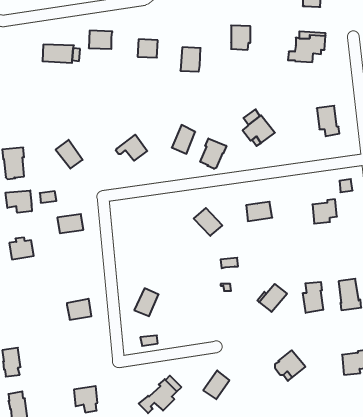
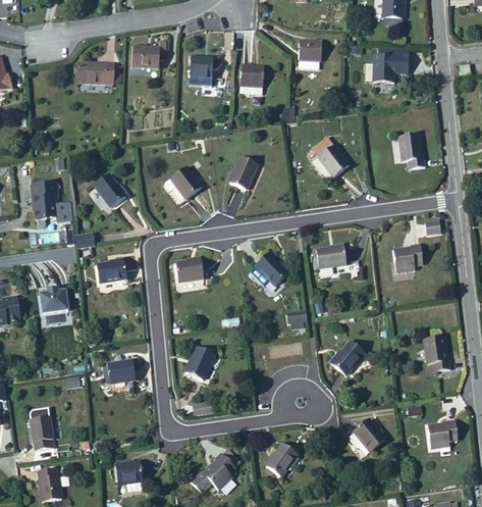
building: [200,138,226,169] -> none
building: [6,190,32,213] -> none
building: none -> [175,259,204,282]
building: [303,282,323,313] -> none

